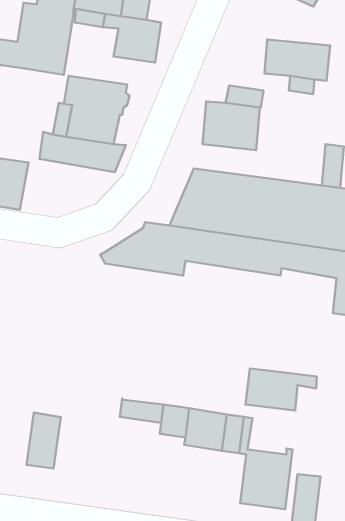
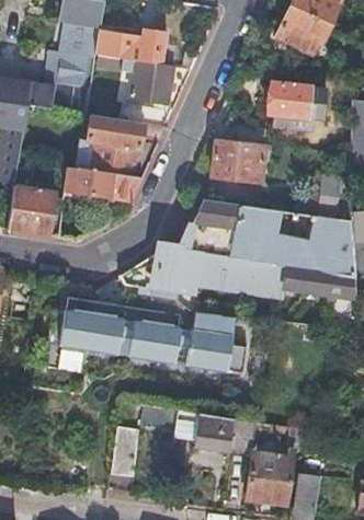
building: none -> [59,305,248,374]
building: [246,369,317,411] -> none
building: [27,412,61,468] -> [109,426,139,476]

